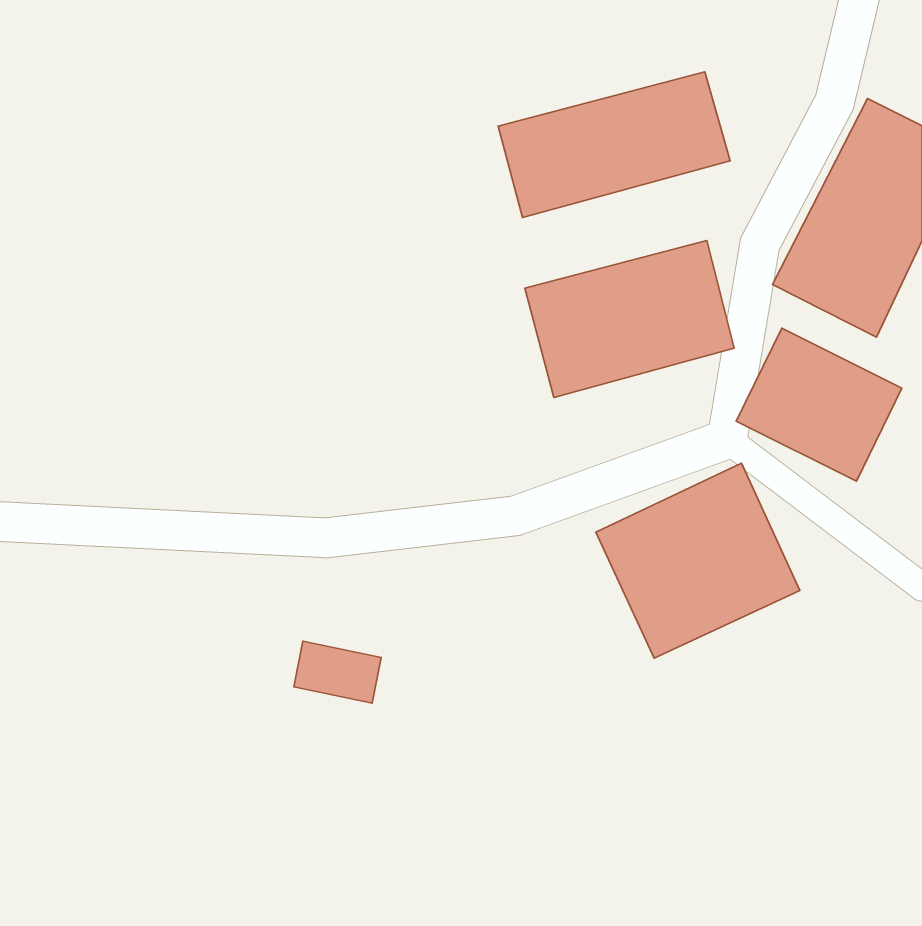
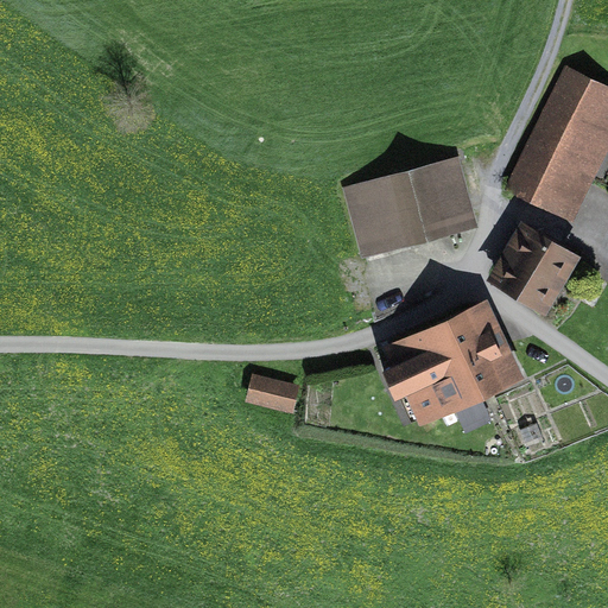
building: [498,72,730,217] -> none
building: [294,641,381,703] -> [247,373,304,413]

